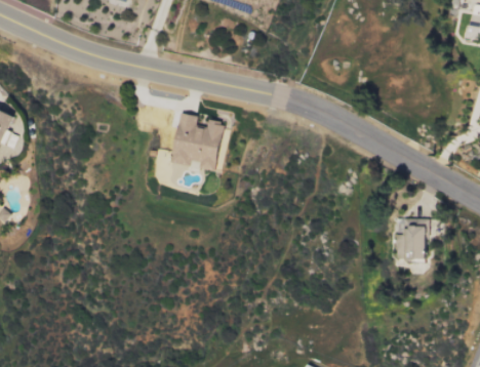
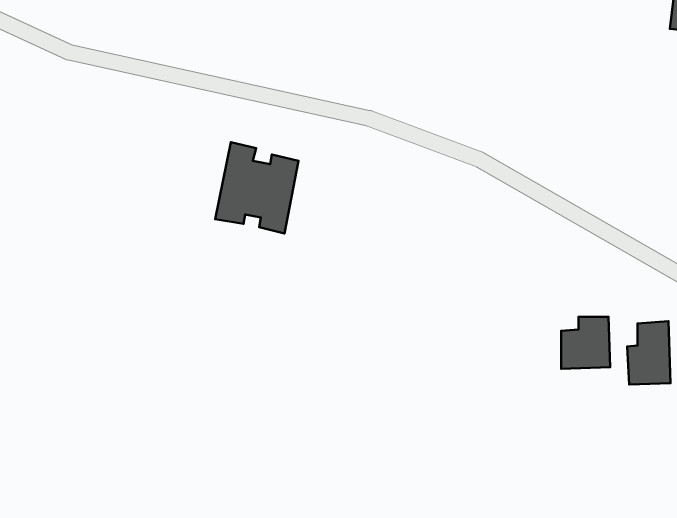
building: none -> [627,321,671,384]

